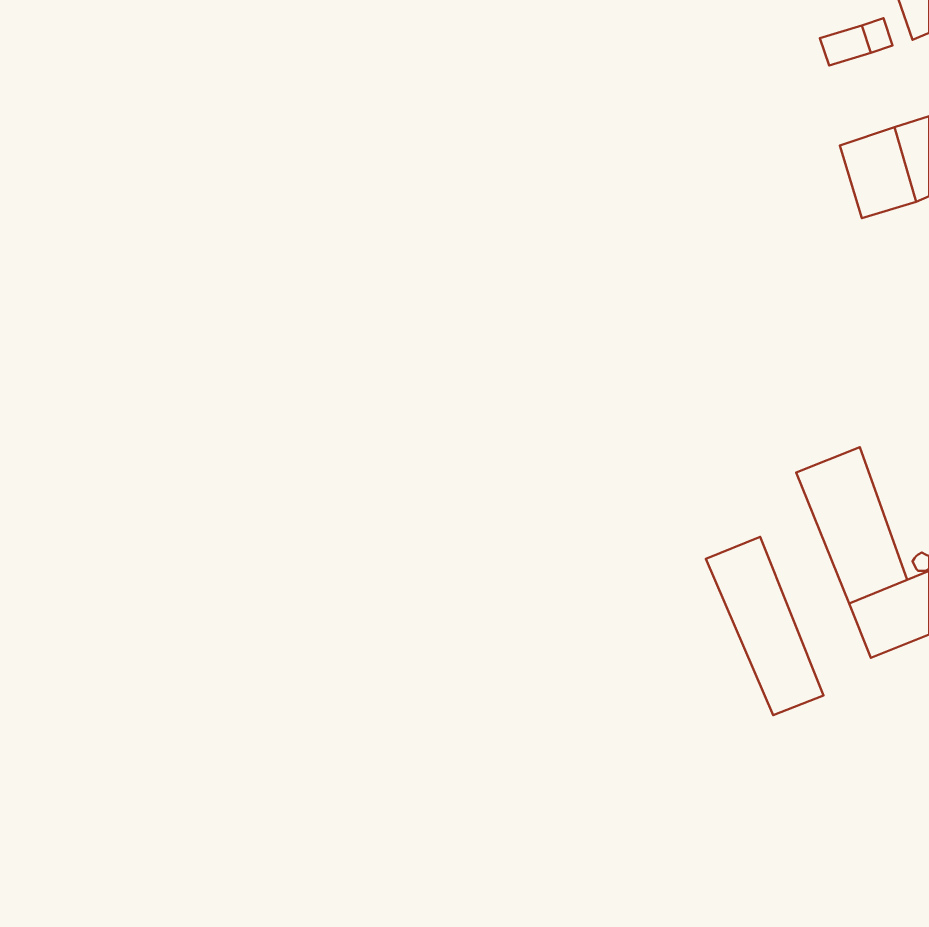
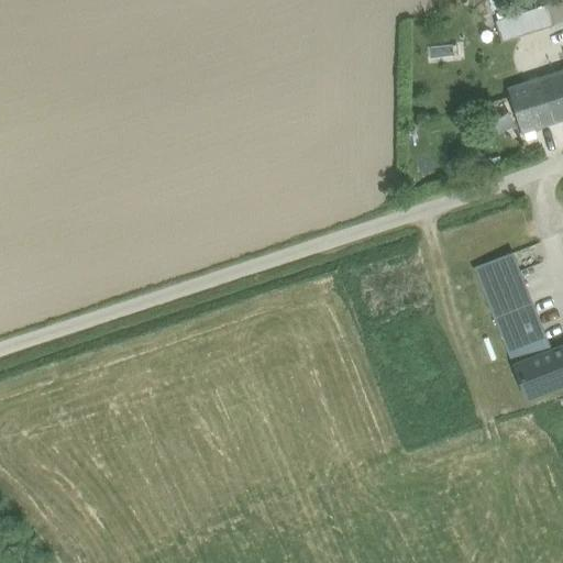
building: none -> [474,252,520,286]
building: [706,537,823,715] -> none

